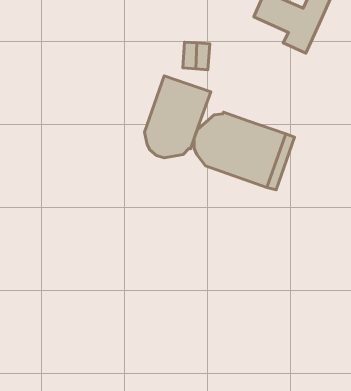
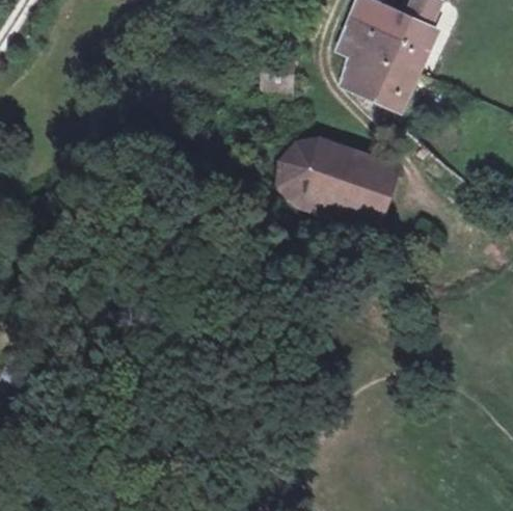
building: none -> [340,24,410,101]
building: [144,76,211,158] -> none

